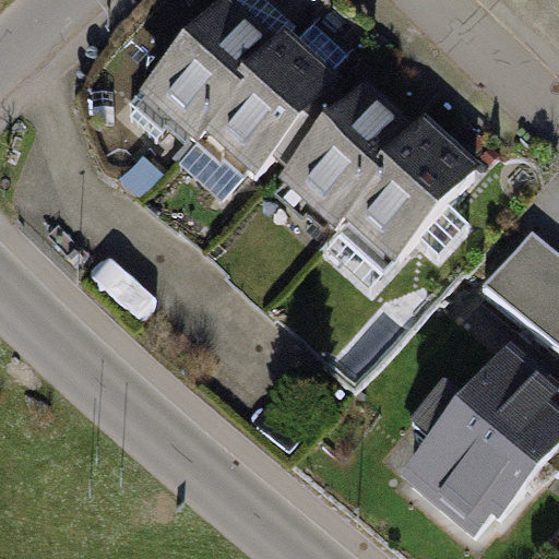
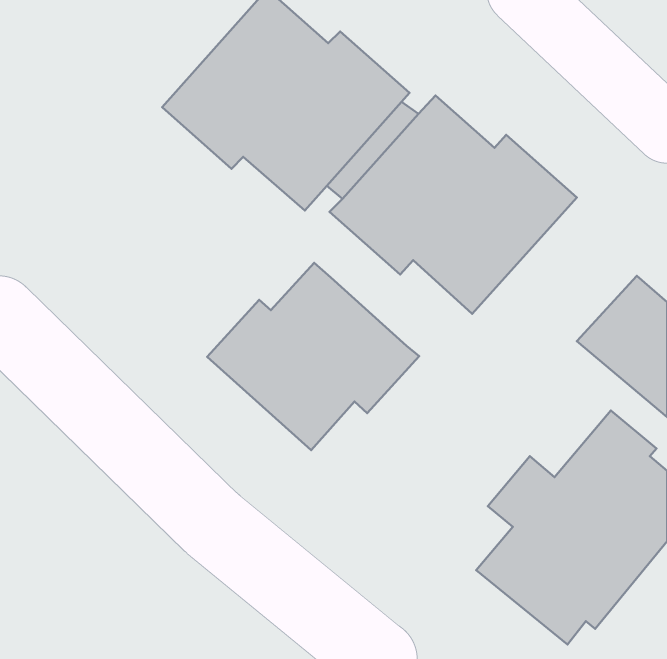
building: none -> [207,263,419,450]

